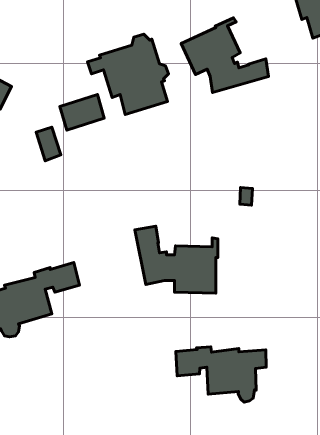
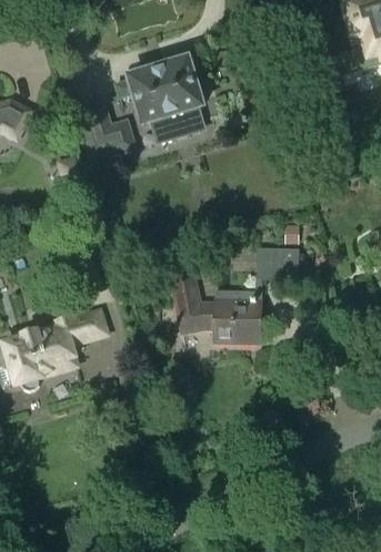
building: [181,18,269,93] -> none
building: none -> [255,247,301,283]
building: [176,347,266,402] -> none

